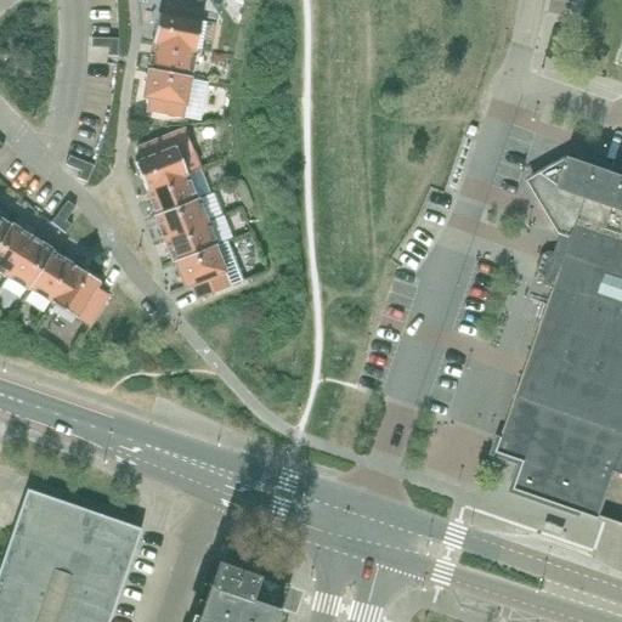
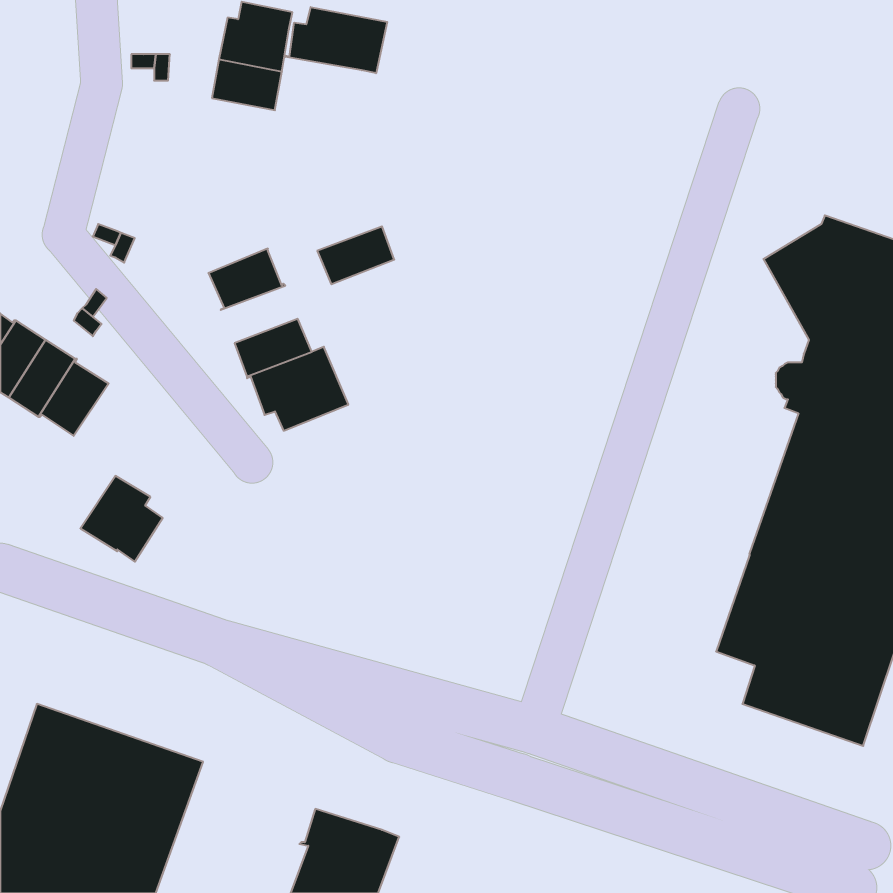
building: none -> [285,7,387,73]
building: [143,68,192,118] -> none
building: [135,134,187,190] -> none
building: [154,198,208,238] -> [317,226,394,284]
building: [52,266,109,326] -> [80,476,163,562]

